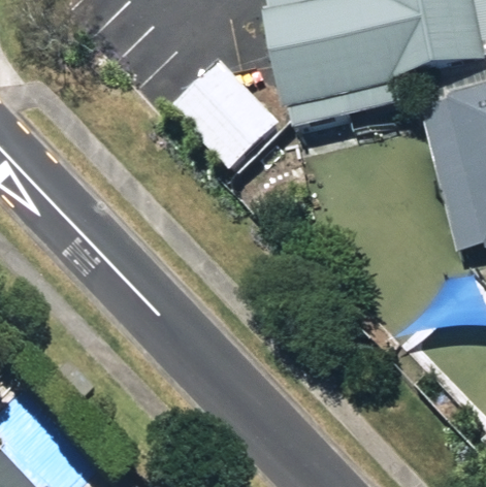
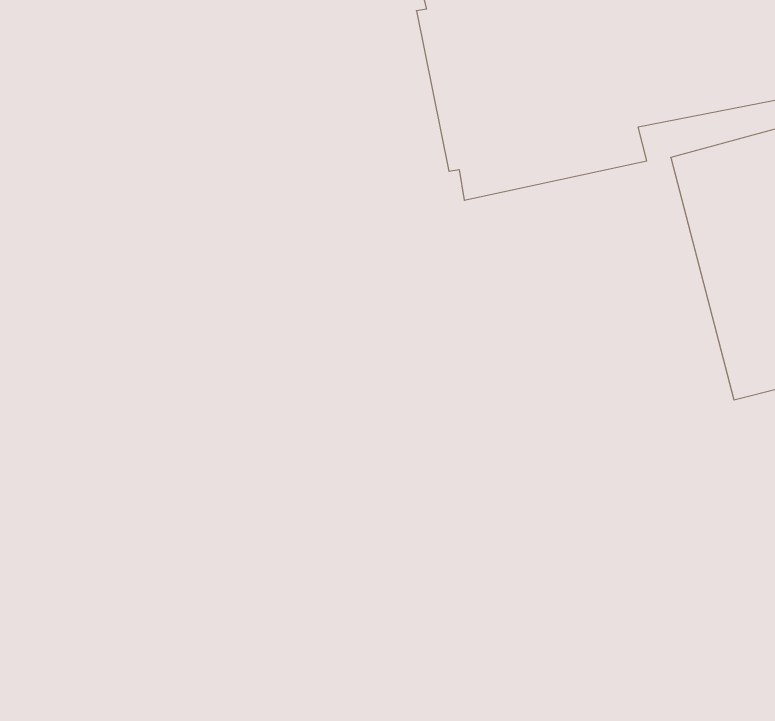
building: [170,59,278,166] -> none

